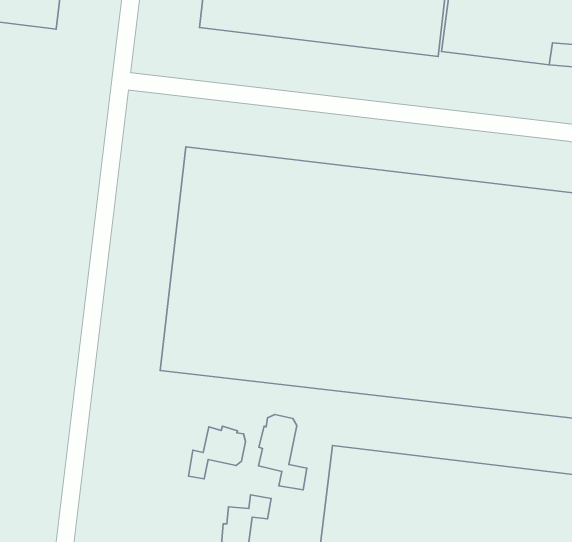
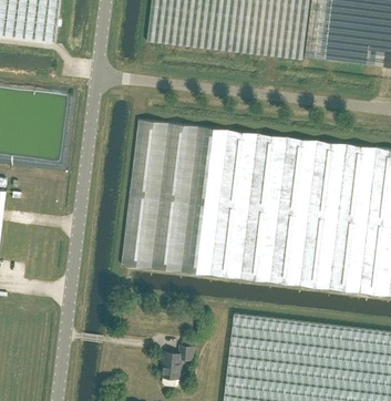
building: [258,415,307,490] -> none
building: [189,426,245,479] -> none

